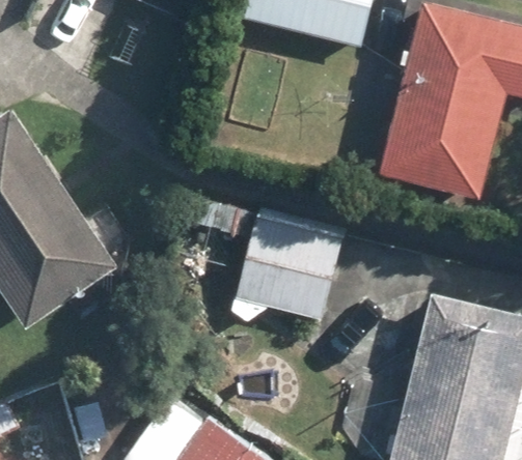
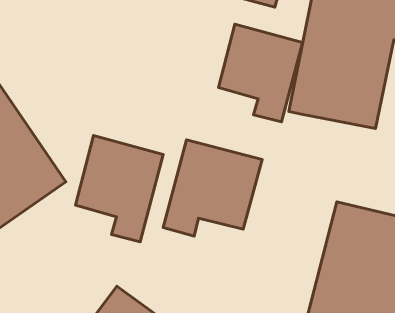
building: none -> [218,24,302,122]
building: none -> [75,136,163,242]

